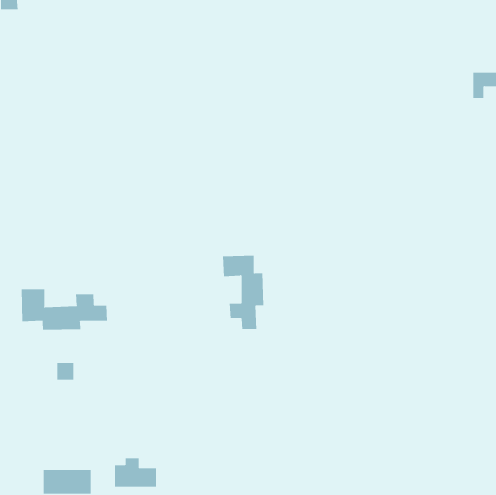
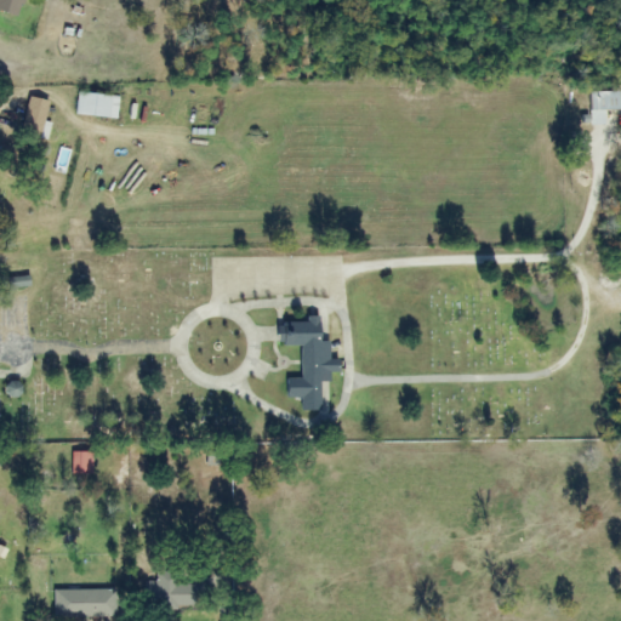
building: none -> [78,91,121,116]
building: none -> [22,95,51,138]
building: [21,289,108,330] -> none

